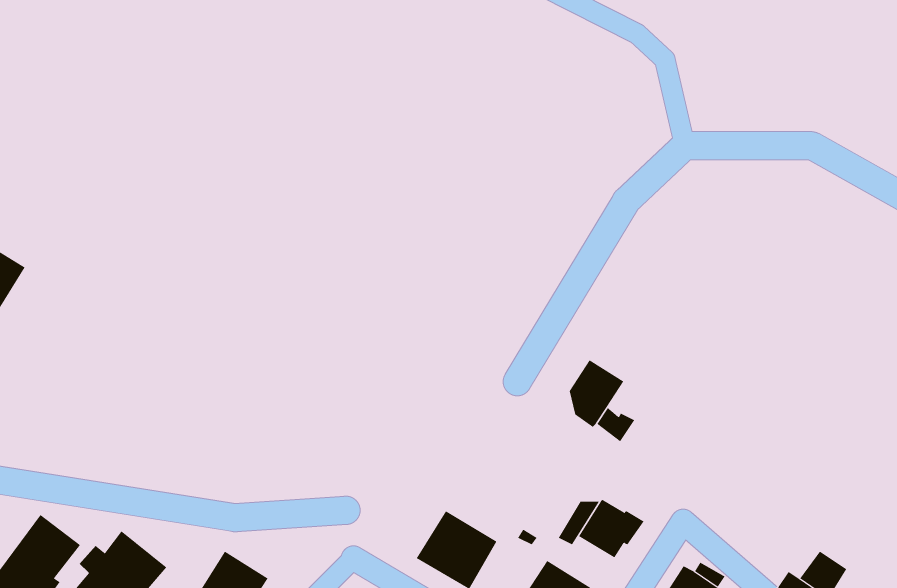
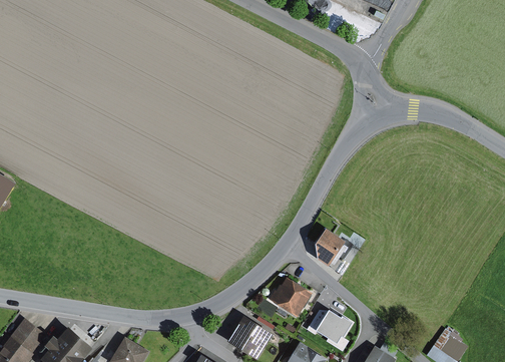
building: none -> [268,276,314,319]

